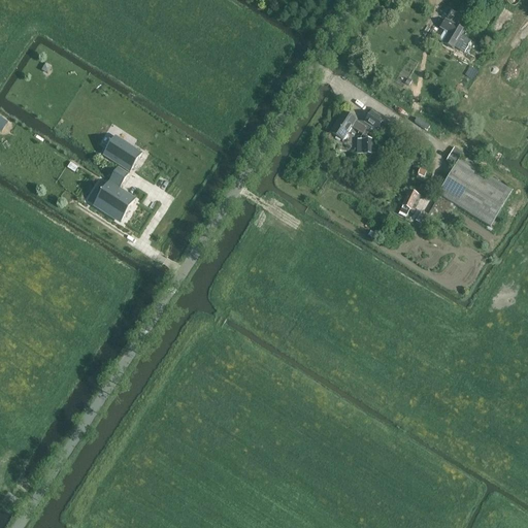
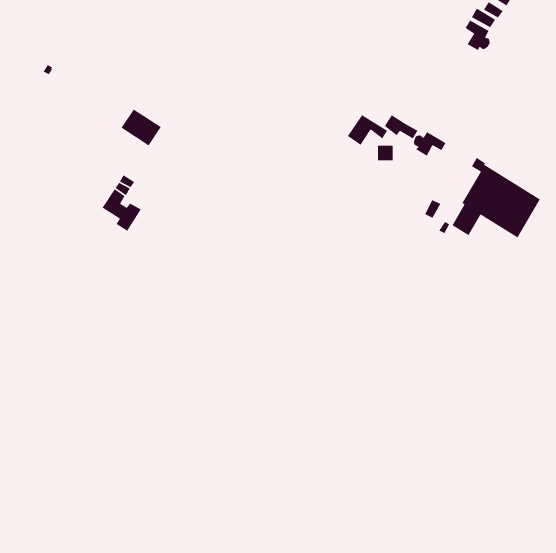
building: none -> [413,131,446,157]
building: [102,134,141,170] -> [120,108,162,146]

